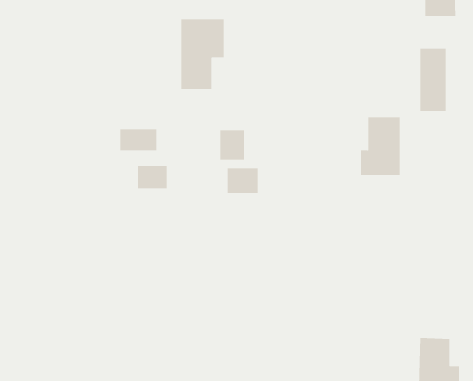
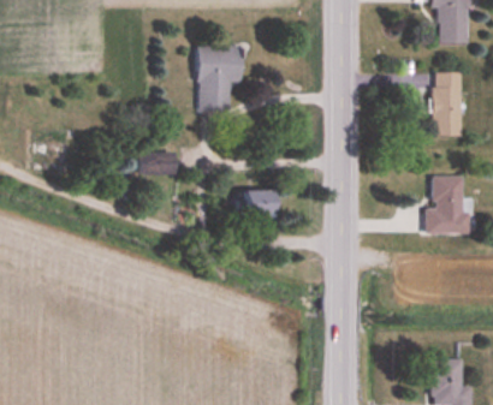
building: [360,117,401,176] -> [426,175,465,233]
building: [220,129,245,161] -> none
building: [138,165,167,189] -> none

